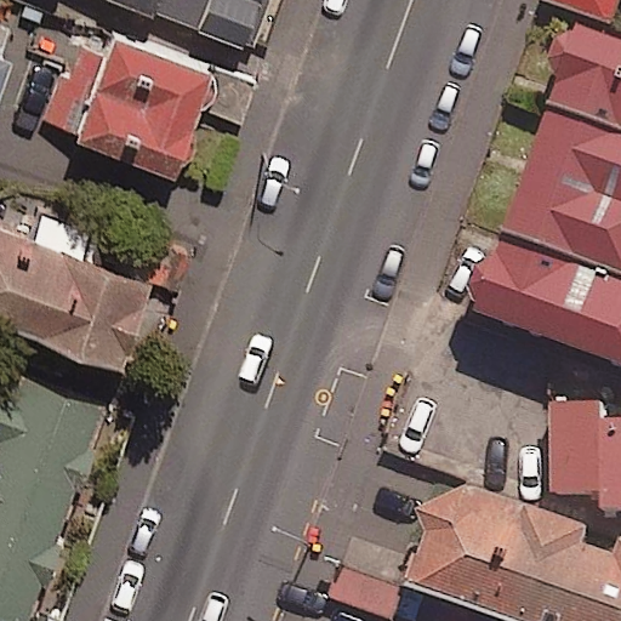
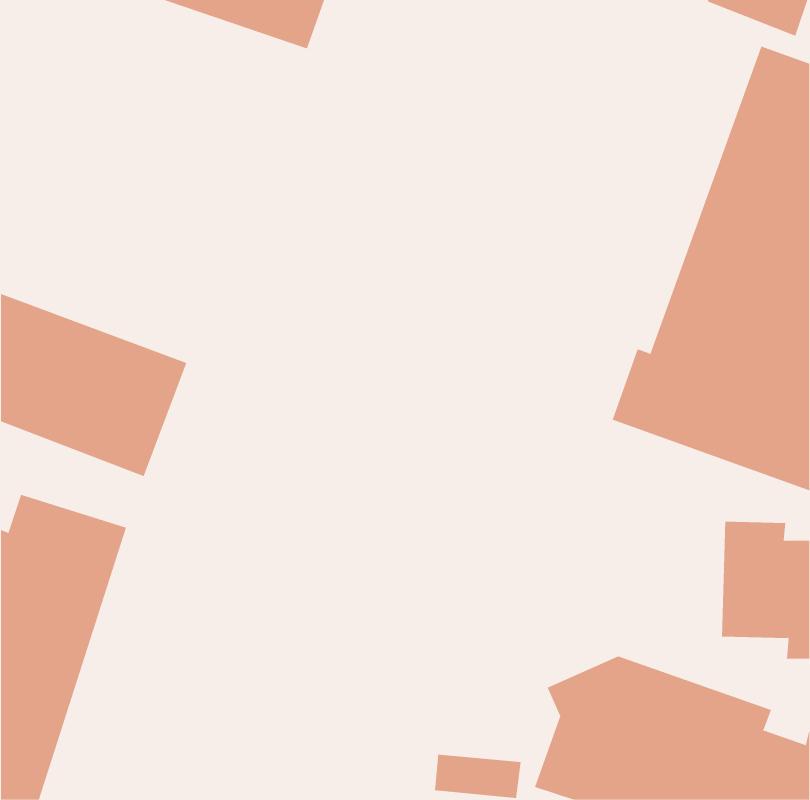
building: [40,15,203,170] -> none

